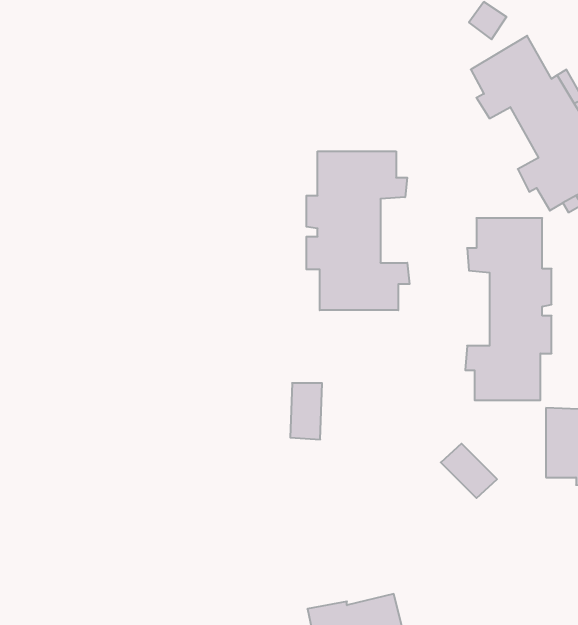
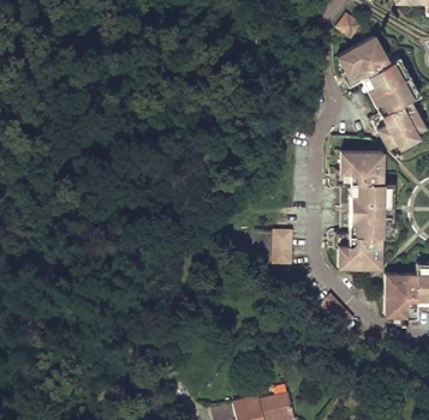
building: [306,151,410,310] -> none
building: [290,383,322,439] -> [273,230,293,266]

